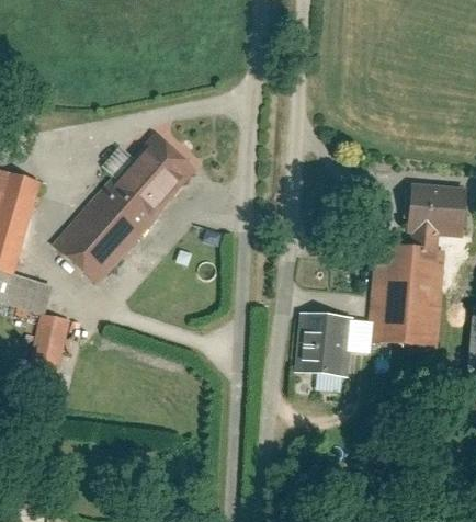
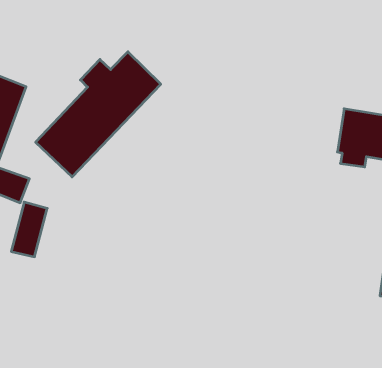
building: [366,242,445,348] -> none
building: [294,313,352,377] -> none

